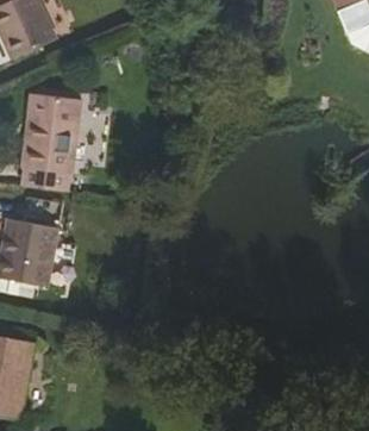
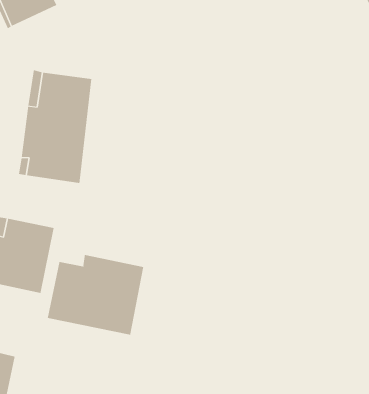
building: none -> [47,254,144,335]

